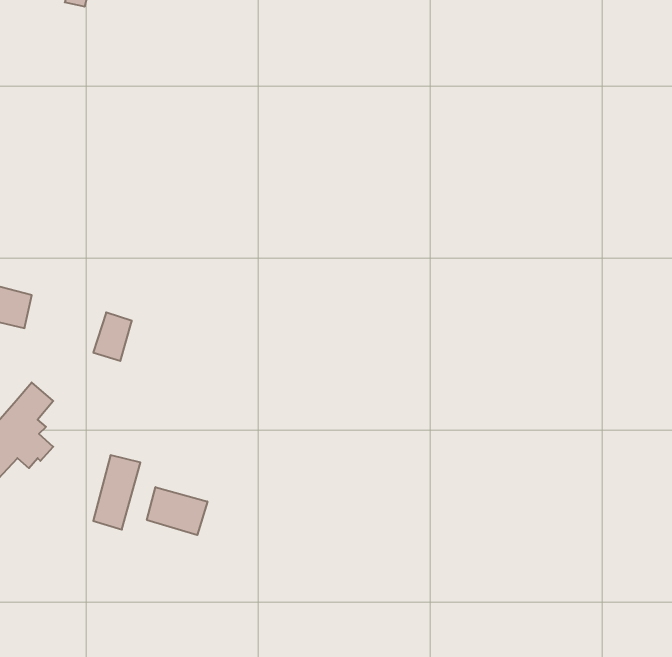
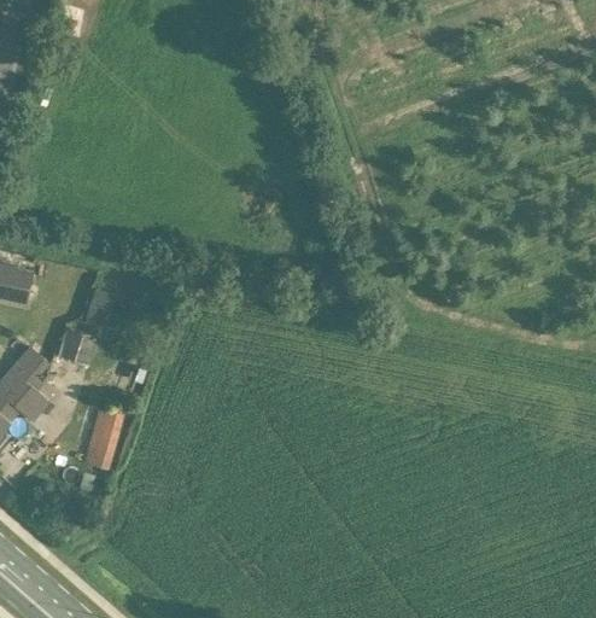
building: none -> [55,328,97,366]
building: [147,487,207,535] -> none

